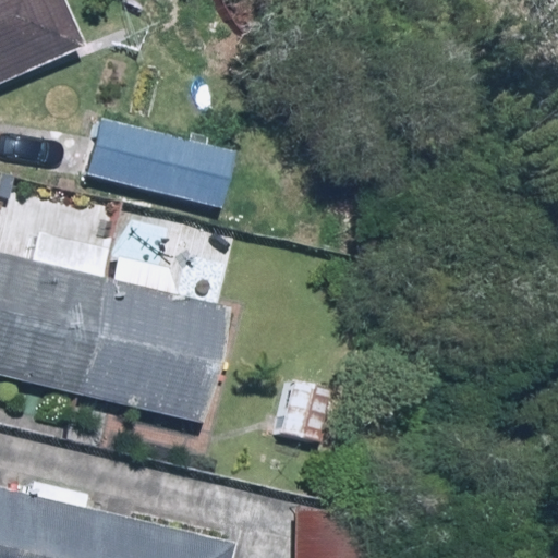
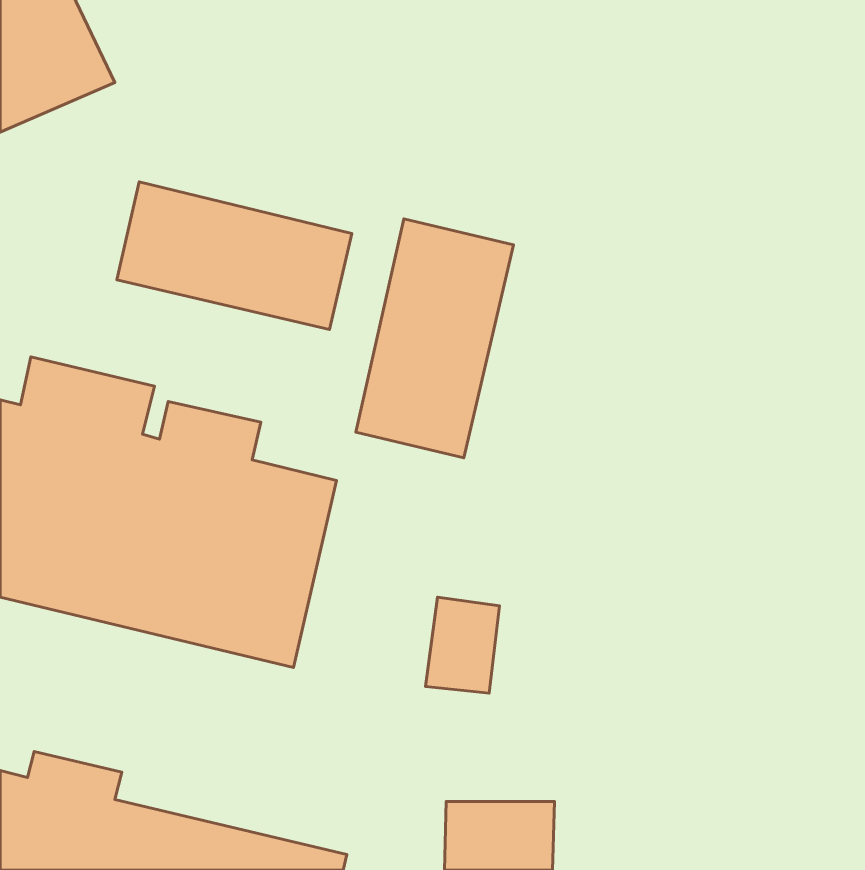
building: none -> [356,219,514,458]

